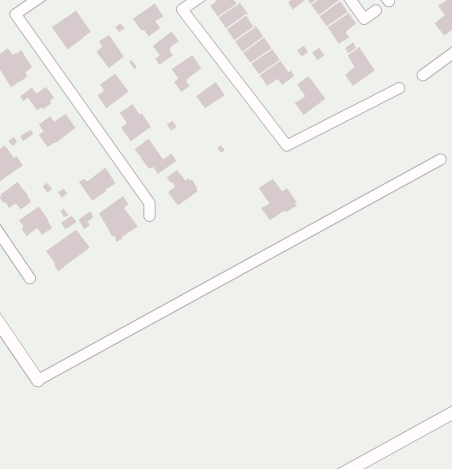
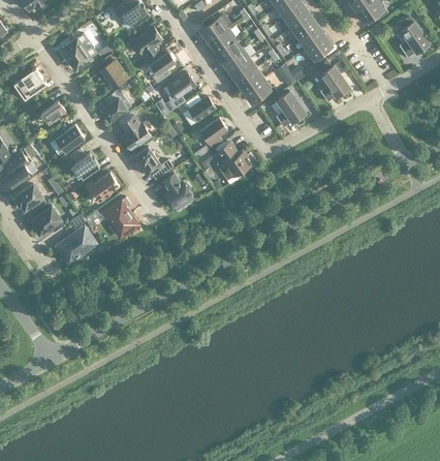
building: none -> [199,117,226,147]
building: none -> [69,148,99,178]
building: [258,178,298,221] -> [216,142,251,180]

